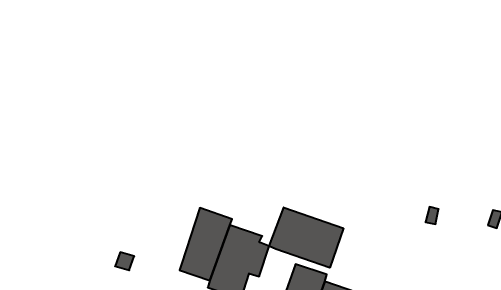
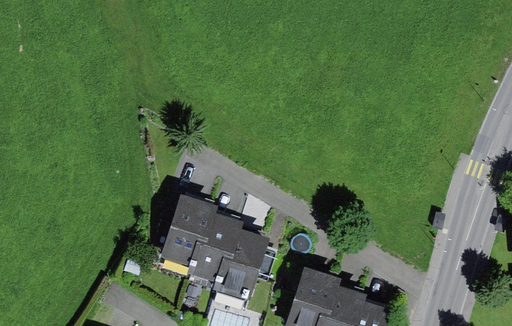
building: none -> [152,196,210,267]
building: [269,207,343,268] -> none

